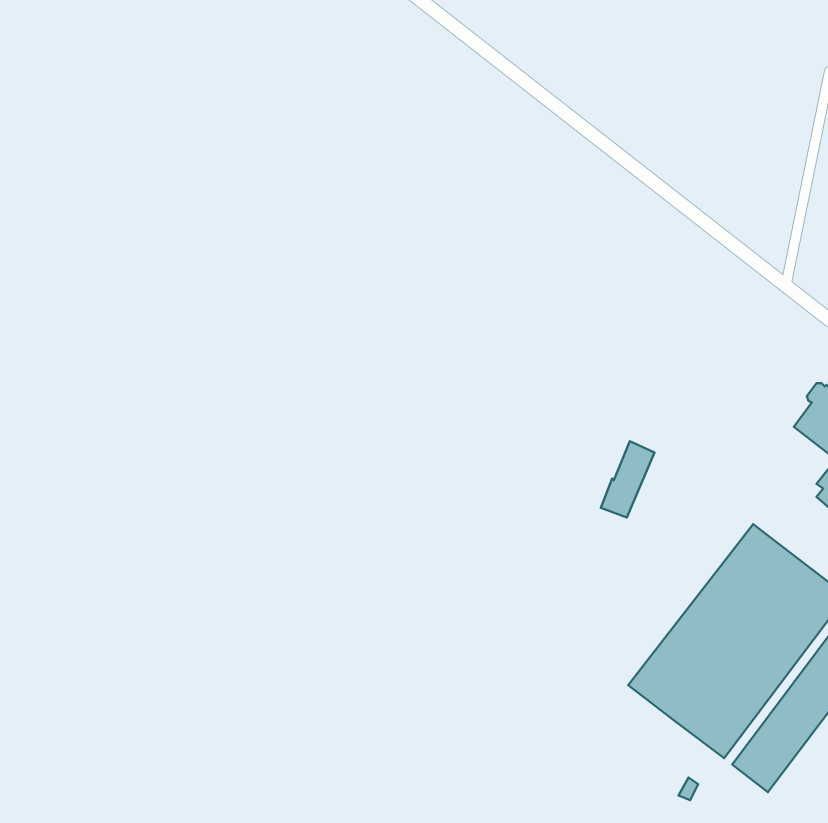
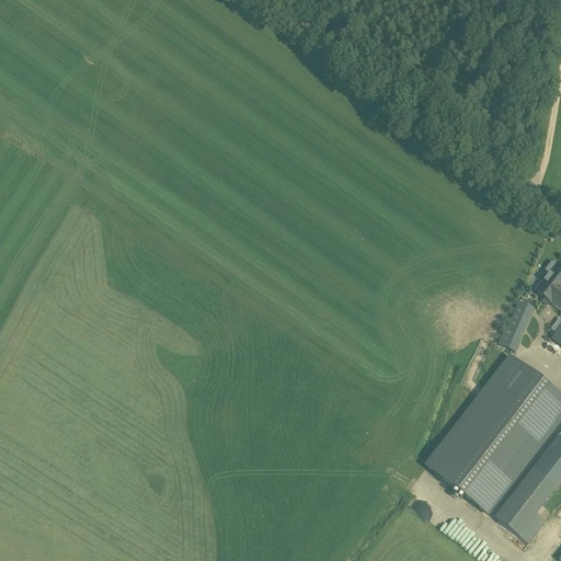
building: [601,441,654,517] -> [499,298,535,350]

